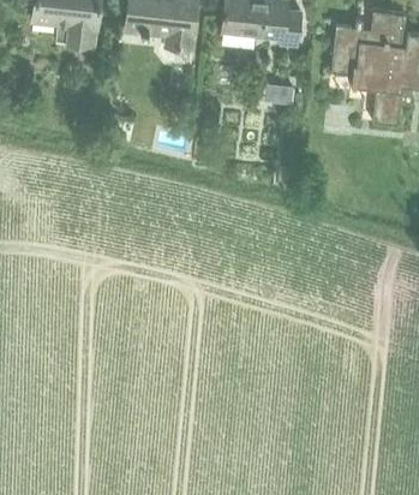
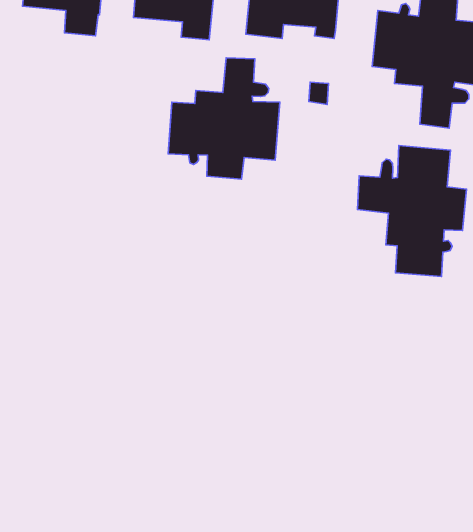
building: none -> [168,58,280,179]
building: none -> [357,145,467,276]

